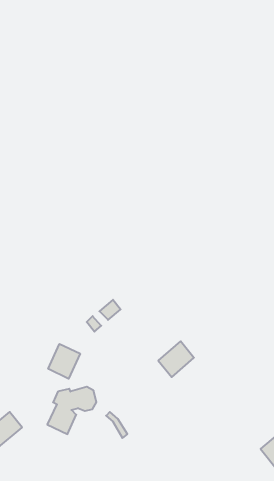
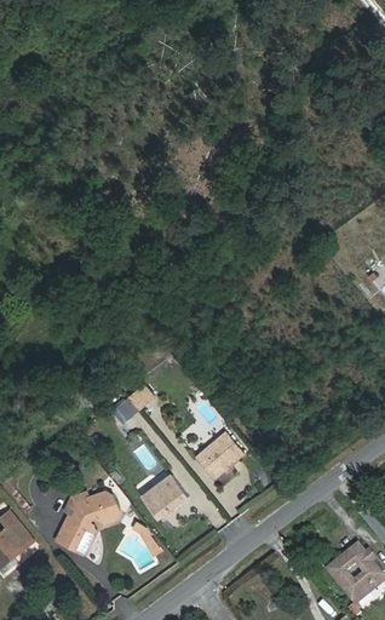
building: [48,344,80,379] -> none
building: none -> [140,473,189,521]

